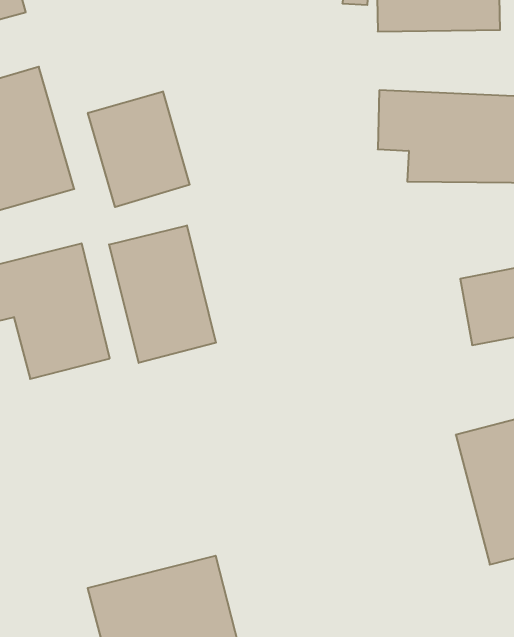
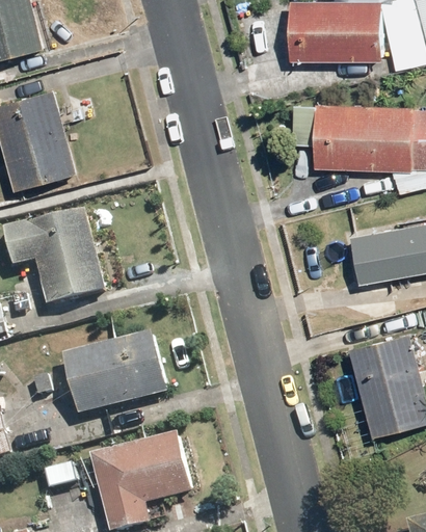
building: [88,91,190,207] -> none
building: [109,225,216,363] -> none
building: none -> [61,332,165,416]

